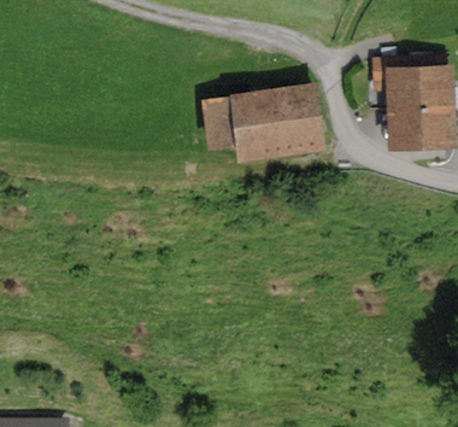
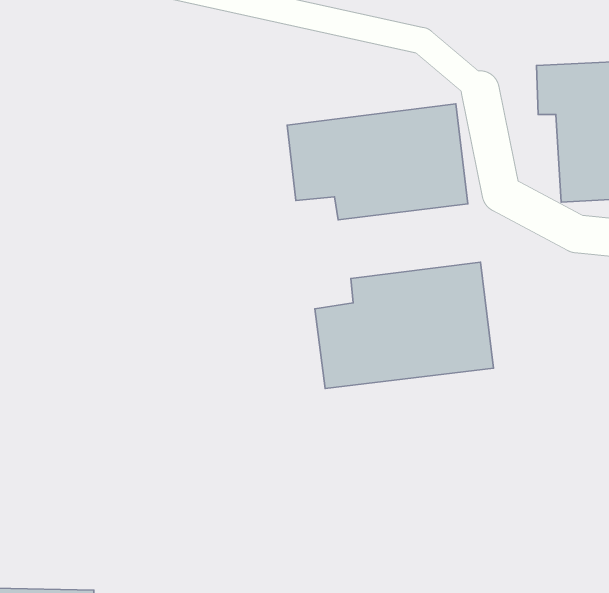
building: none -> [315,262,493,389]

